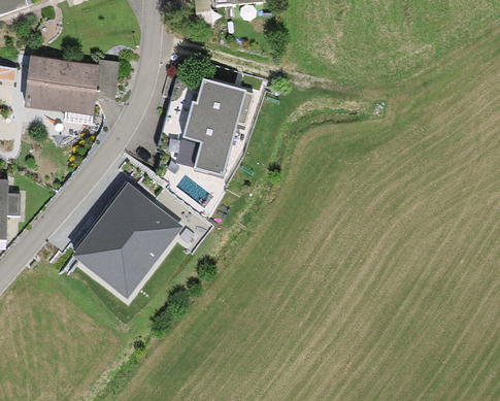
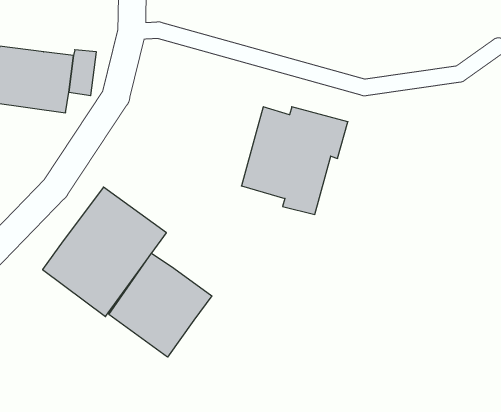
building: [158,78,254,175] -> [241,107,348,214]
building: none -> [109,253,212,357]

